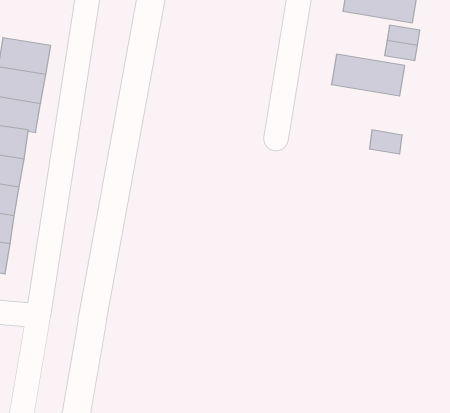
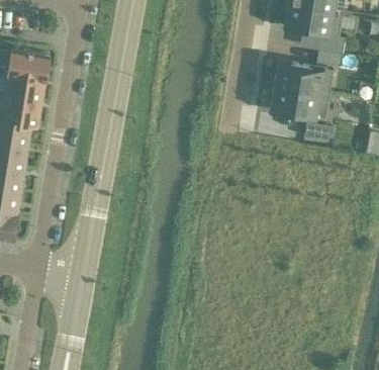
building: none -> [270,86,328,120]

